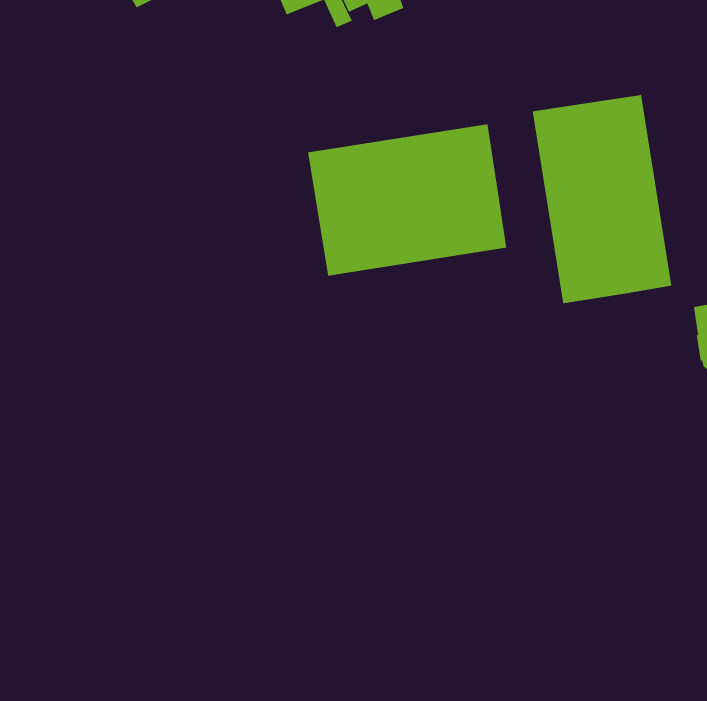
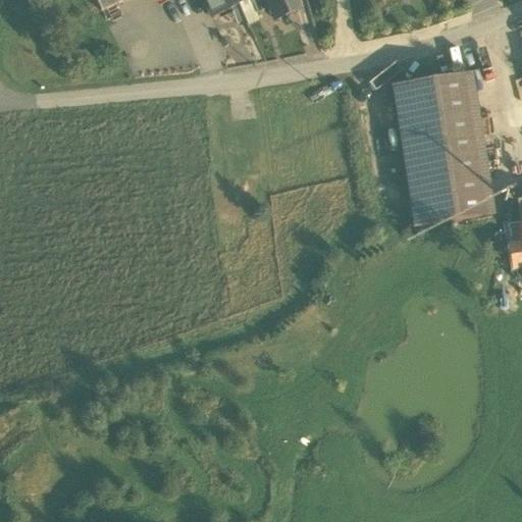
building: [308,123,507,276] -> none

